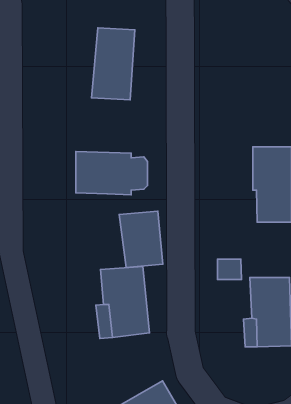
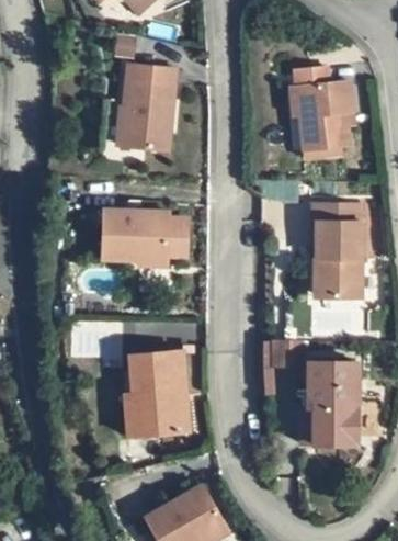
building: none -> [287,67,350,155]
building: [119,211,163,267] -> none

